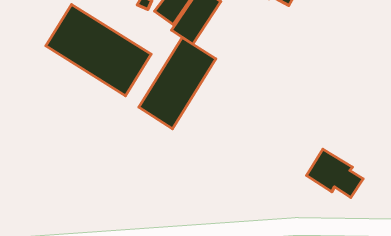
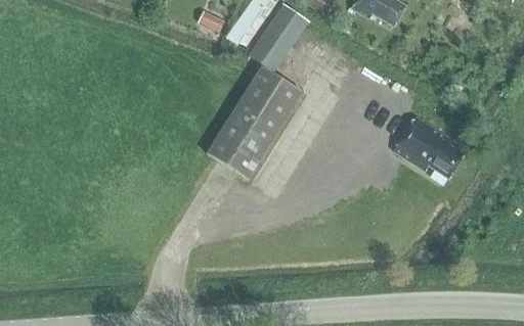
building: [46,5,151,96] -> none
building: [307,149,363,198] -> [393,117,464,177]

